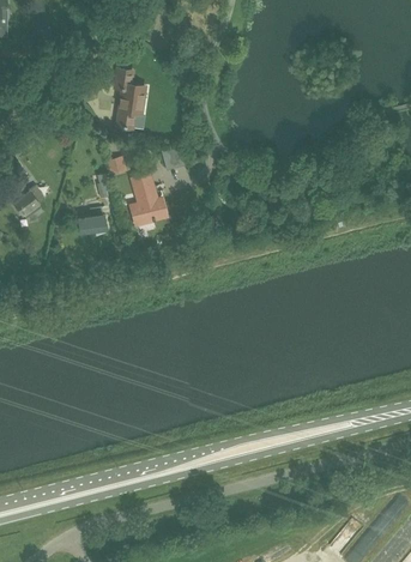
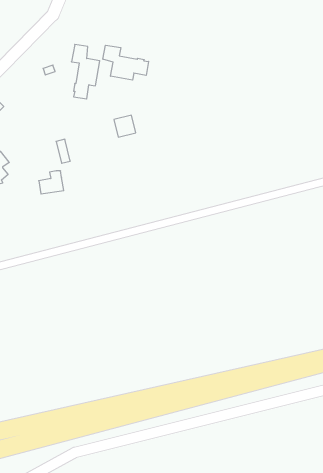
building: none -> [103,45,149,80]
building: [132,173,167,222] -> none

